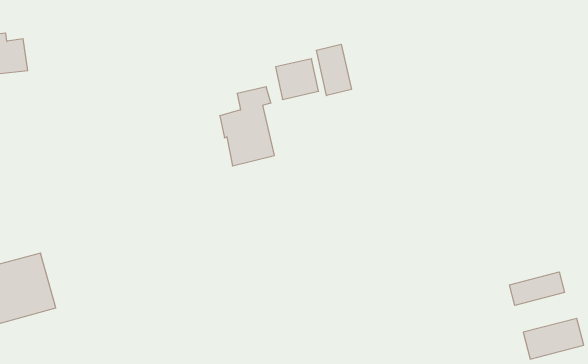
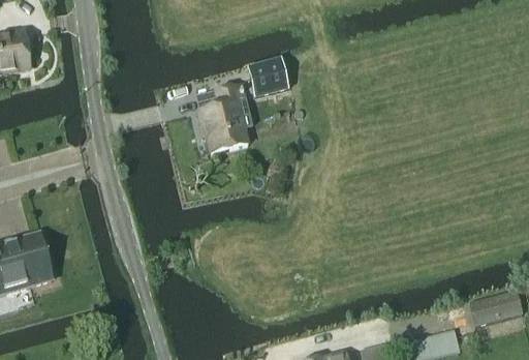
building: [316,44,351,96] -> none
building: [509,272,564,305] -> none

